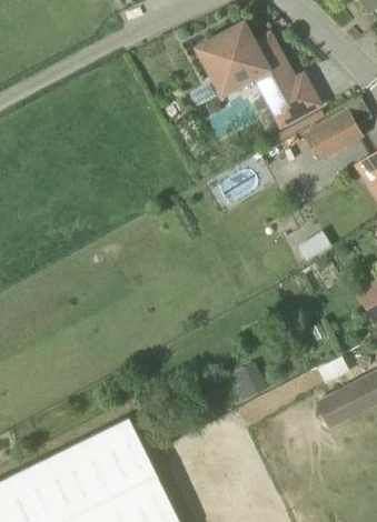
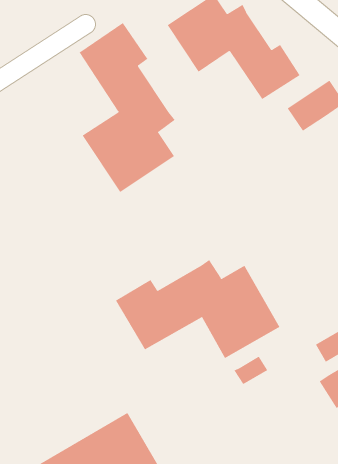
building: none -> [79,22,176,193]
building: none -> [115,259,280,359]

